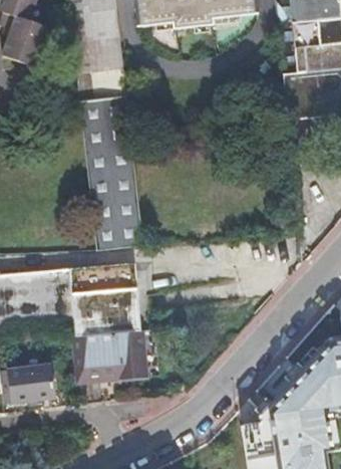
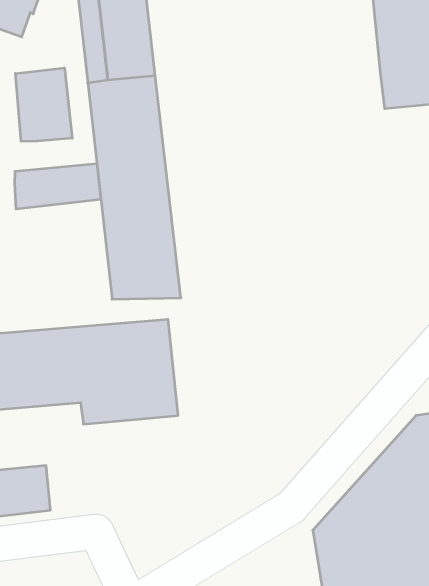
building: none -> [15,68,72,141]
building: none -> [15,163,101,209]
building: [76,330,146,378] -> none

